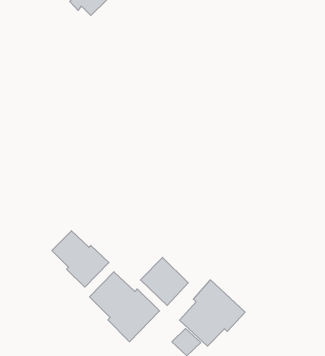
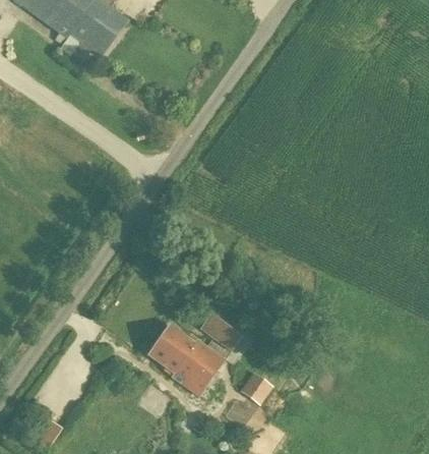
building: [52,231,109,287] -> none
building: [180,280,245,346] -> none

